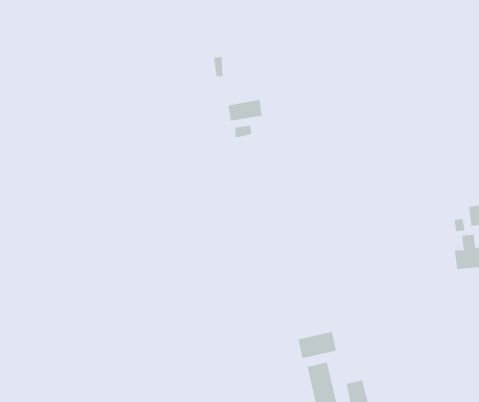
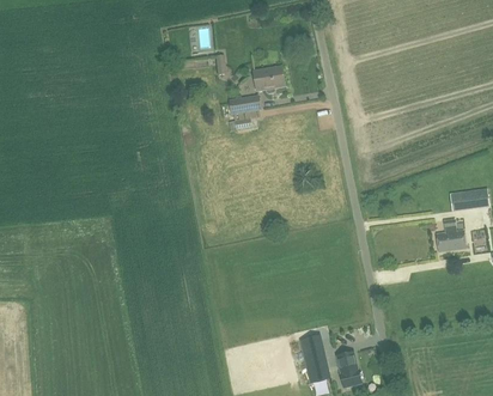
building: none -> [251,65,284,90]
building: [298,331,336,359] -> none

